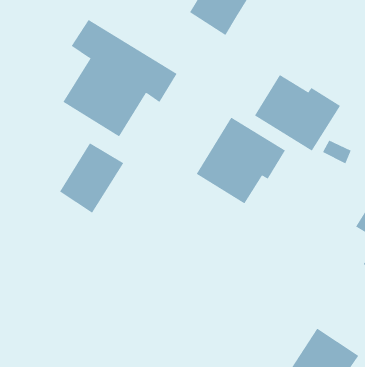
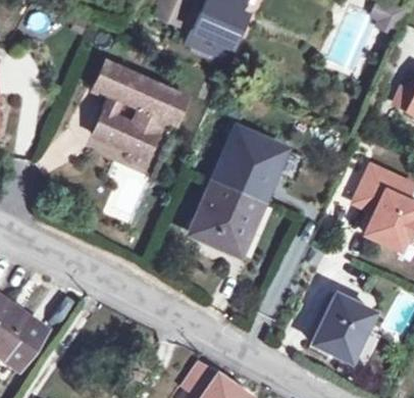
building: [254,74,341,152] -> none
building: none -> [192,179,259,253]

